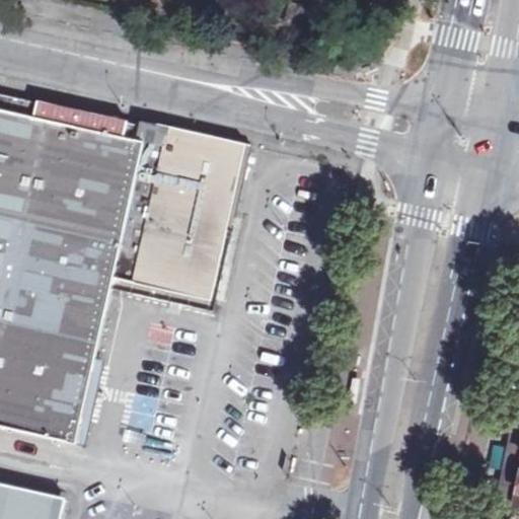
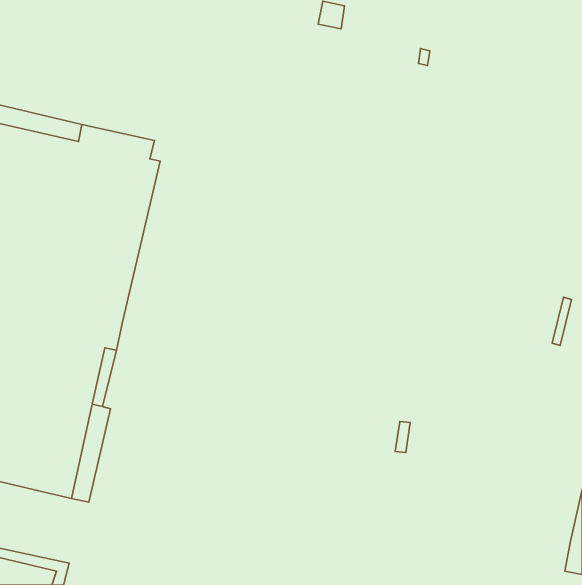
building: [107,119,248,309] -> none

